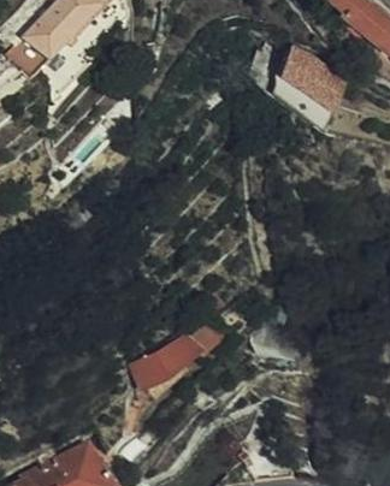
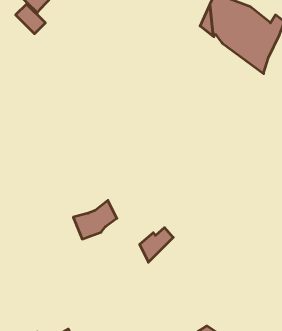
building: [134,339,187,386] -> [73,200,117,239]

